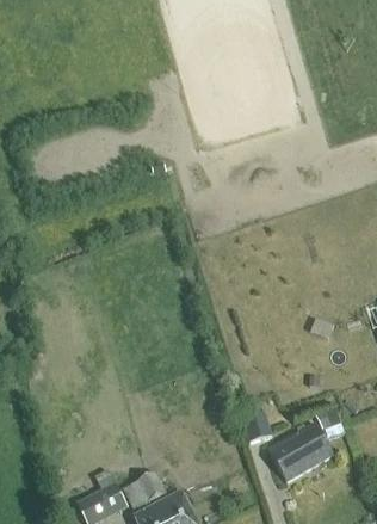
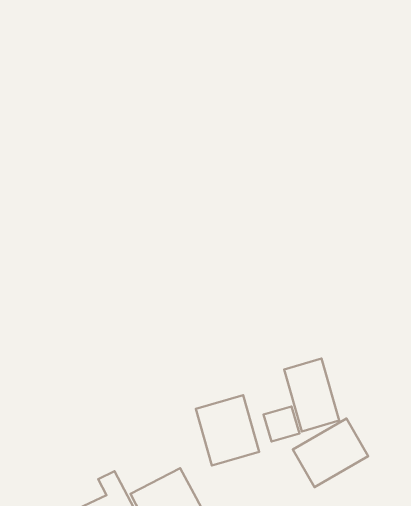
building: none -> [284,359,339,431]
building: none -> [196,395,259,466]

